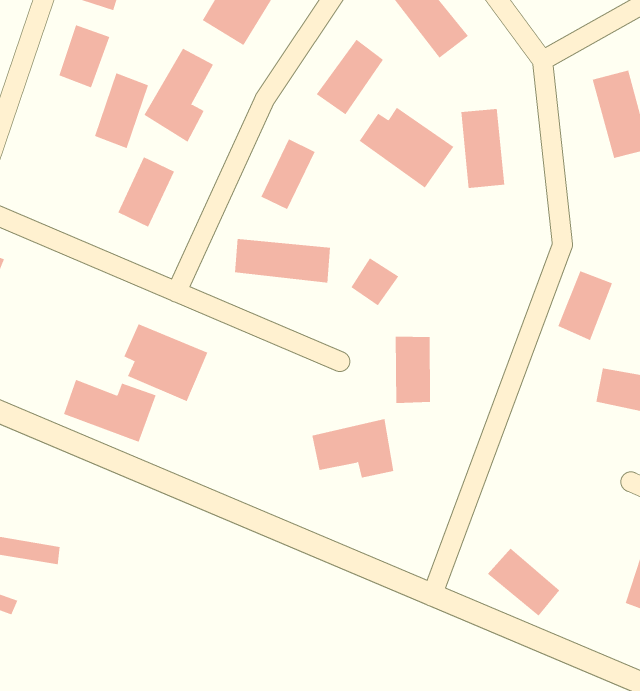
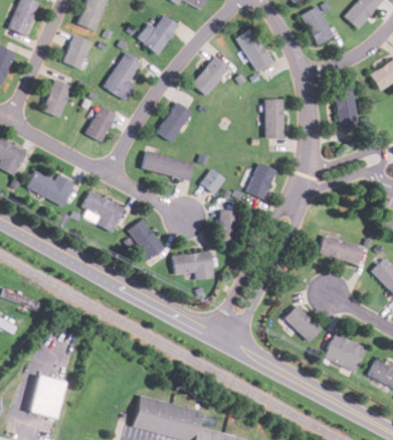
building: [94,73,149,149] -> [41,79,71,118]
building: [359,107,454,188] -> none
building: [557,271,613,341] -> [246,163,276,199]
building: none -> [128,219,164,259]
building: [63,379,156,442] -> [26,170,74,205]
building: [487,548,560,616] -> [284,305,321,341]

